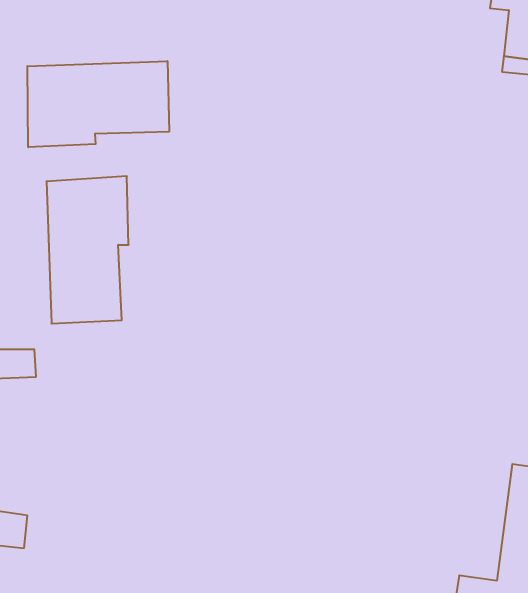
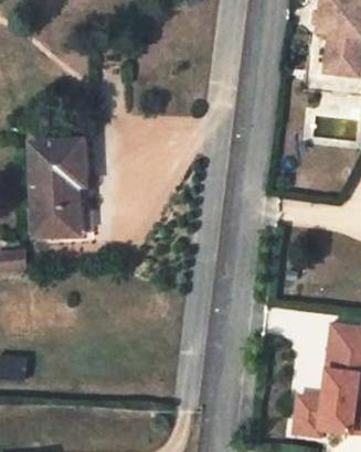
building: [27,61,169,147] -> none

